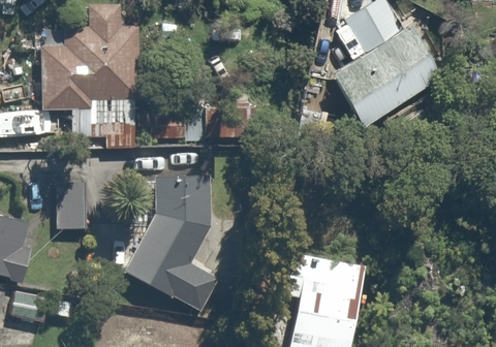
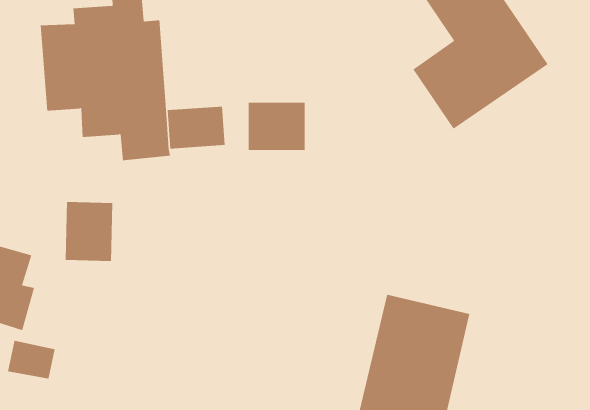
building: [123,176,219,312] -> none

